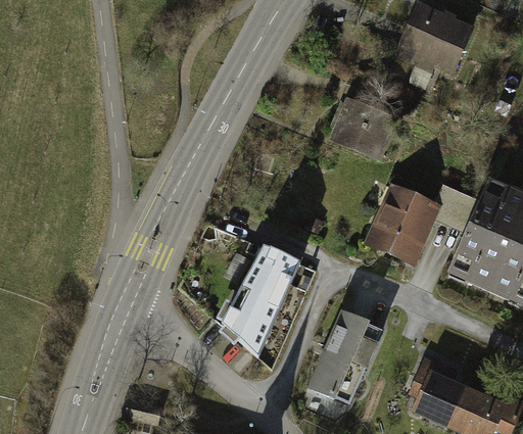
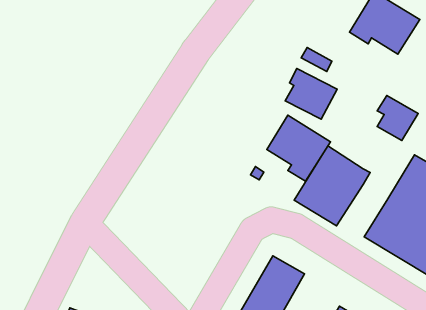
building: none -> [267,115,330,181]
building: [431,184,477,232] -> [377,96,418,141]
building: [222,246,302,357] -> none

